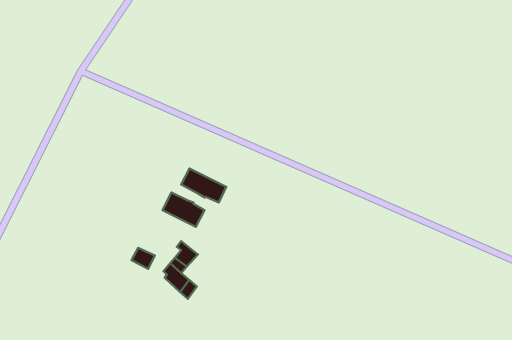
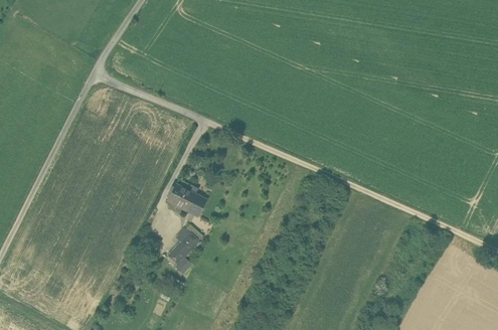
building: [181,169,226,202] -> none

